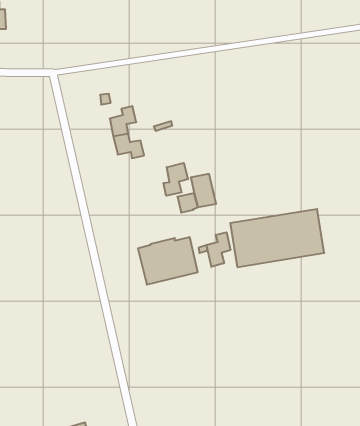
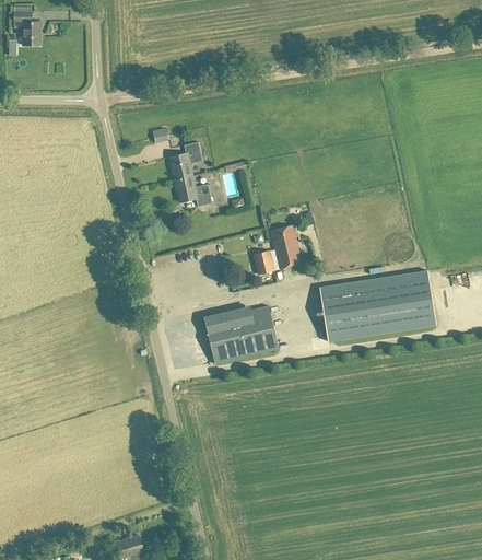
building: [163,163,188,196] -> none
building: [206,232,230,267] -> none

